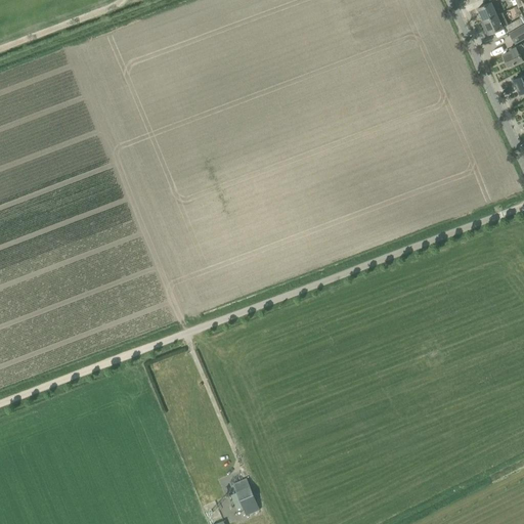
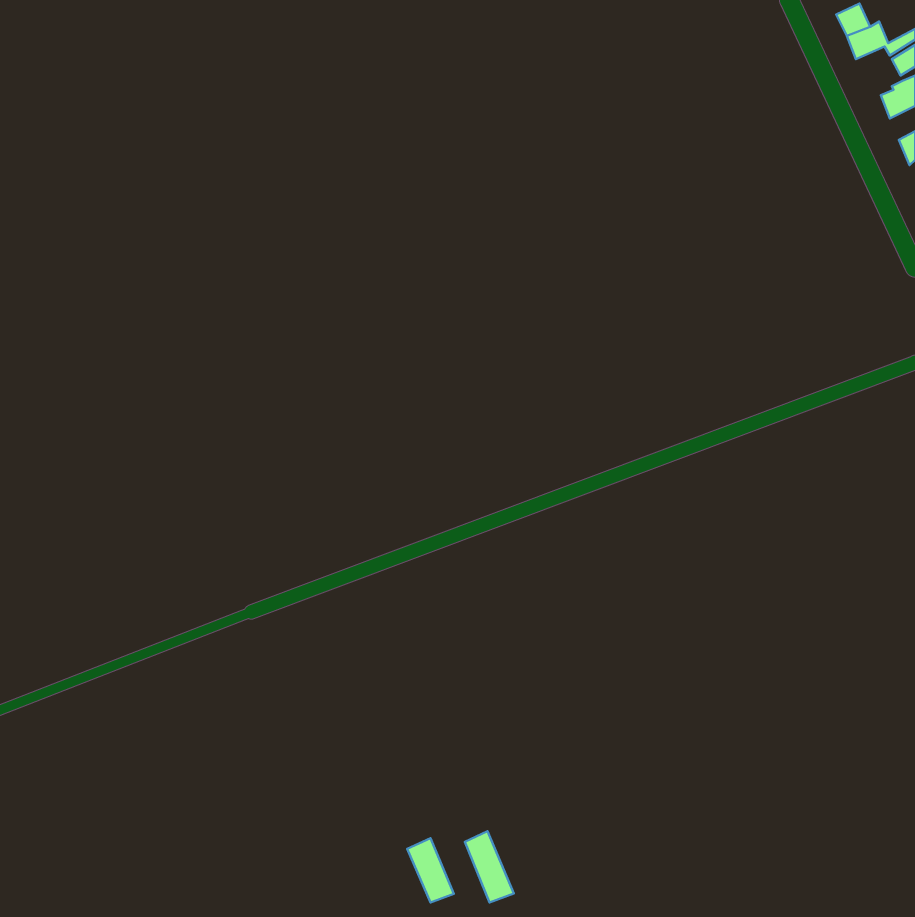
building: none -> [465,831,514,903]

